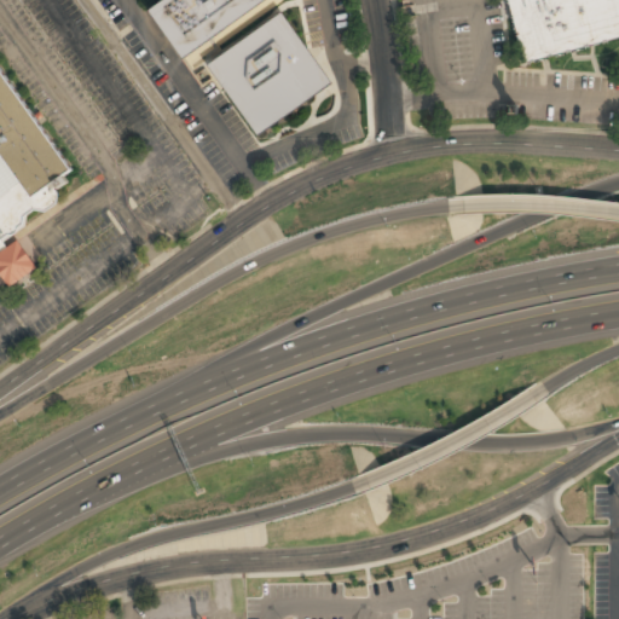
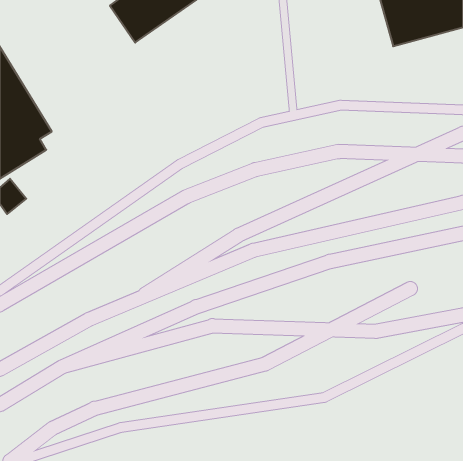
building: [204,11,329,135] -> none

